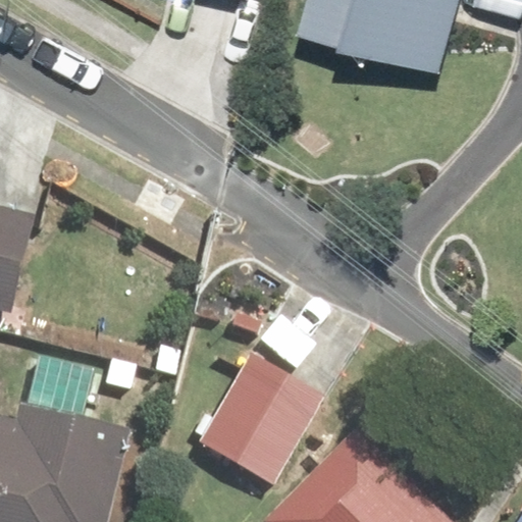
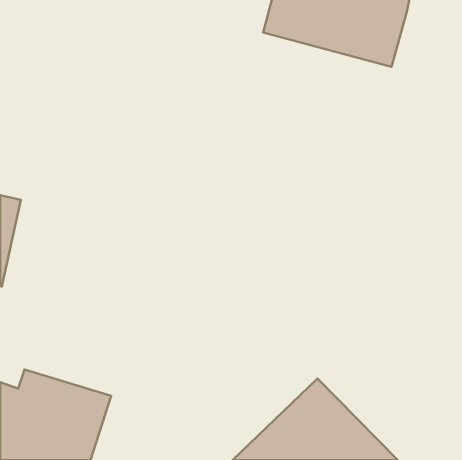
building: [193,364,320,498] -> none

